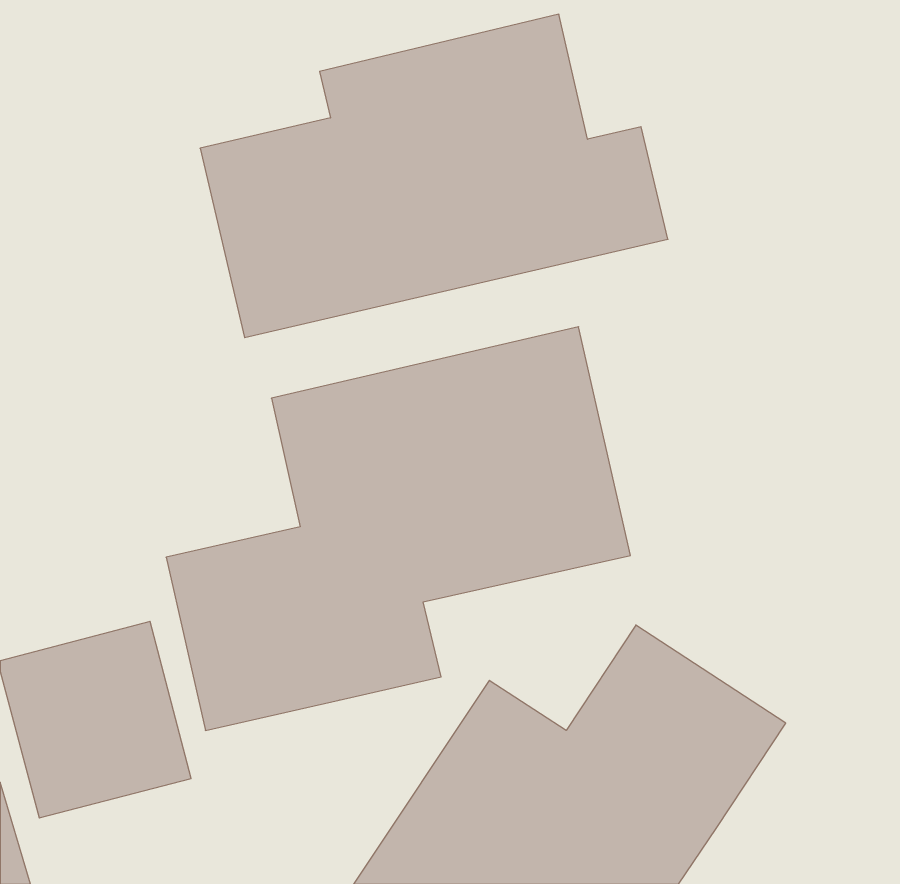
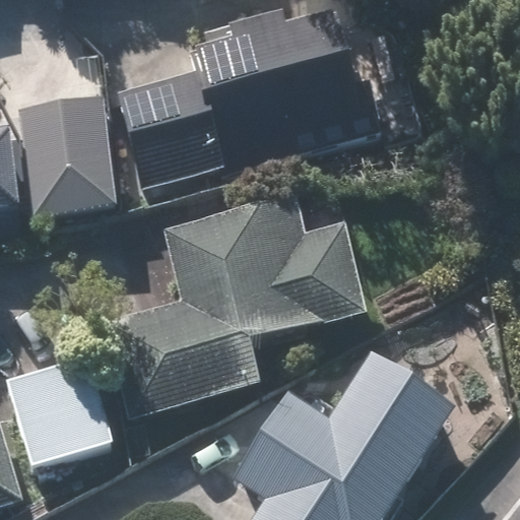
building: none -> [23,100,114,212]

